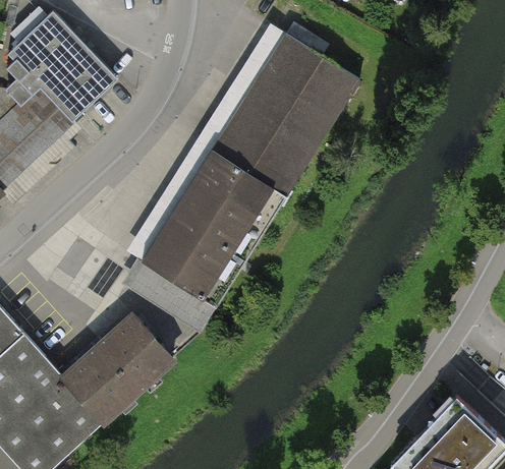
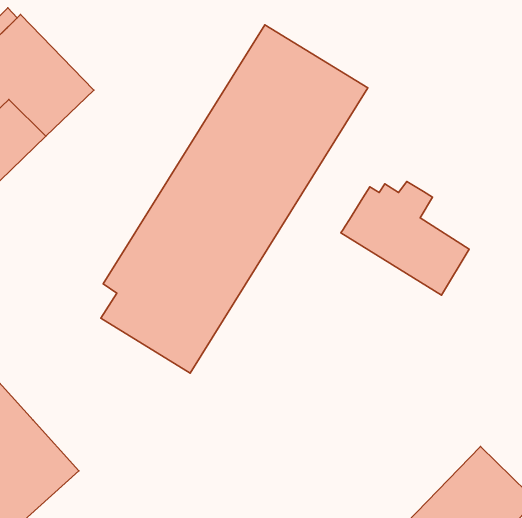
building: none -> [341,182,469,295]
building: [64,313,173,419] -> none

